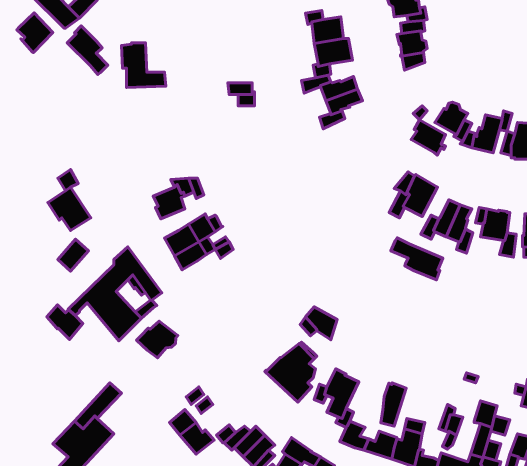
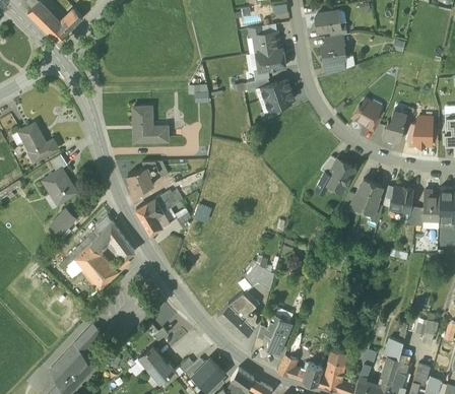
building: [17,13,53,53] -> none
building: [67,26,108,74] -> none
building: [121,43,166,87] -> [132,106,168,141]
building: [411,120,445,155] -> none
building: none -> [19,123,57,161]
building: [391,238,443,280] -> none
building: [47,305,83,340] -> none
building: [136,321,178,358] -> none
building: [381,383,406,426] -> none

